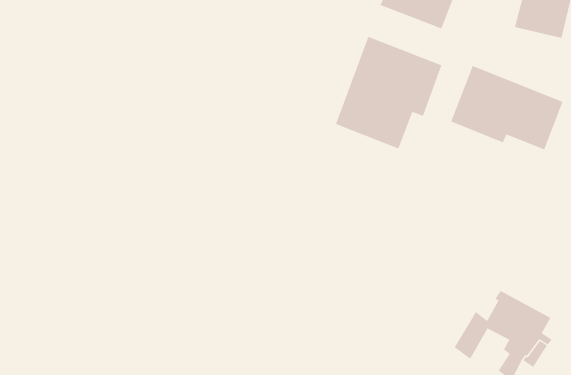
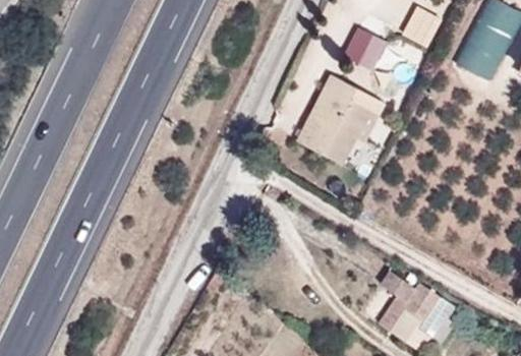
building: [450,65,563,150] -> none

